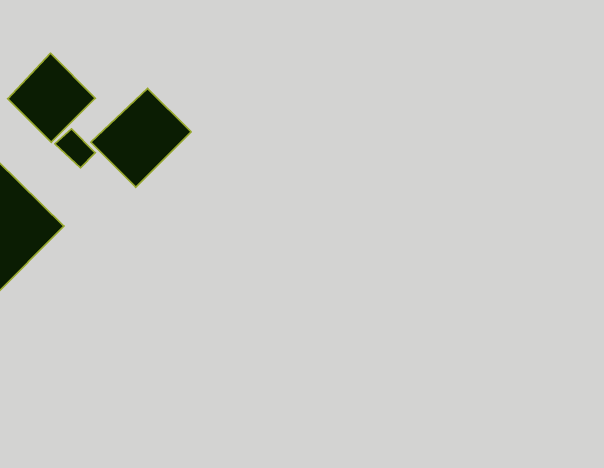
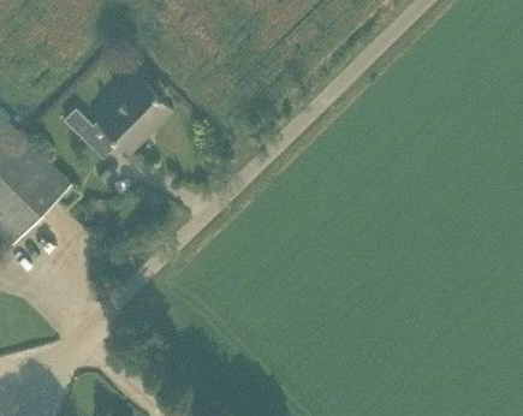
building: [8,53,95,142] -> none

